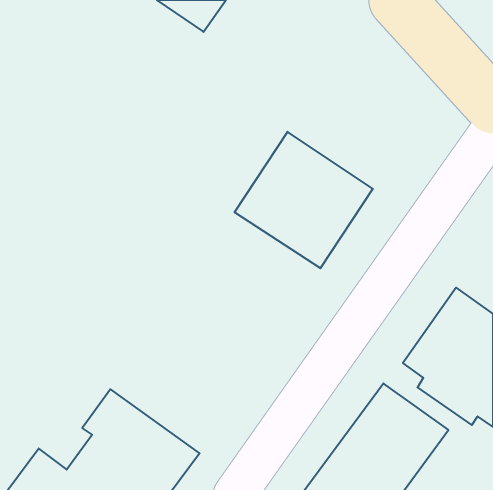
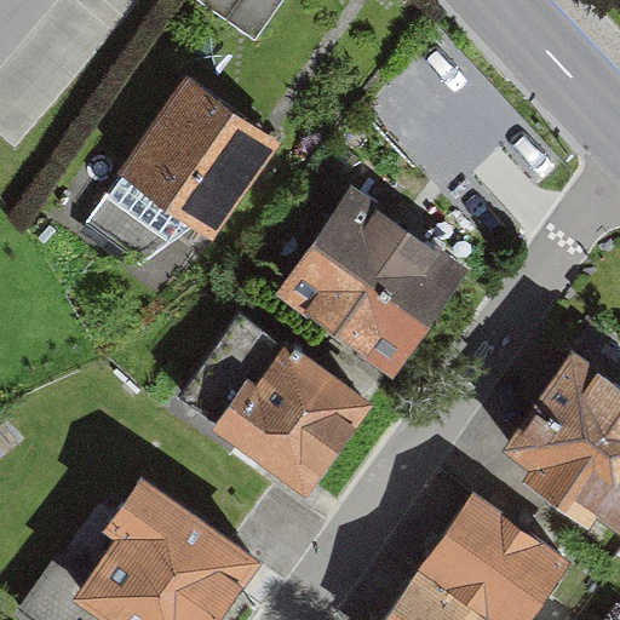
building: none -> [84,85,282,270]
building: none -> [214,320,363,469]

